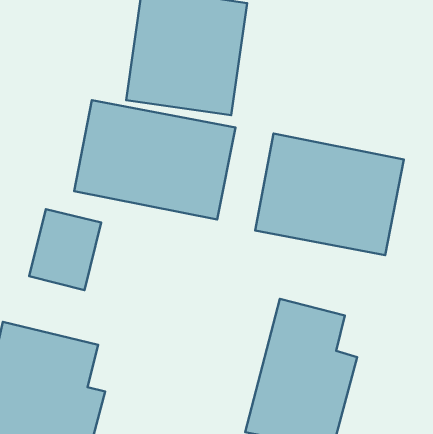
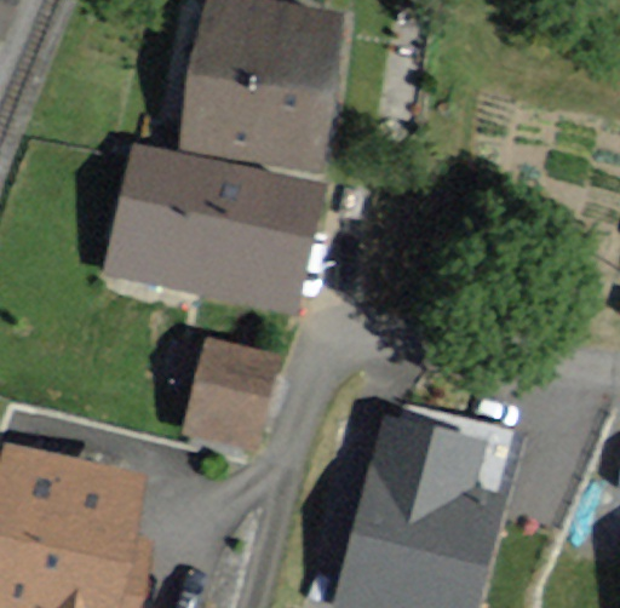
building: [255,133,404,255] -> none
building: [29,209,101,290] -> [180,338,280,449]

